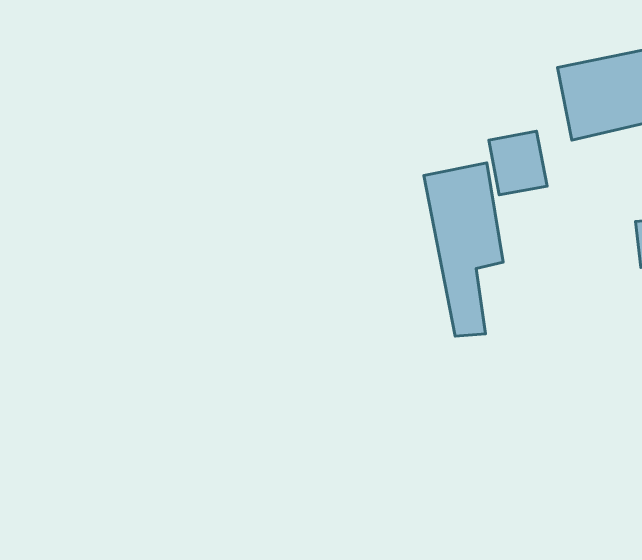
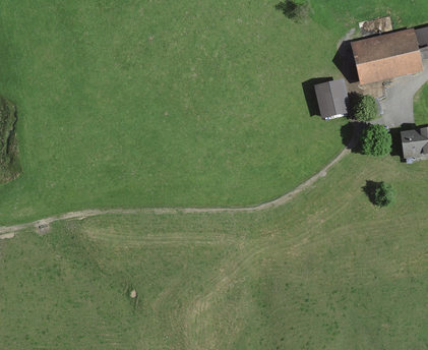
building: [424,163,503,336] -> none

